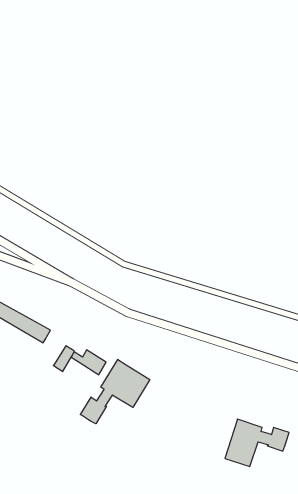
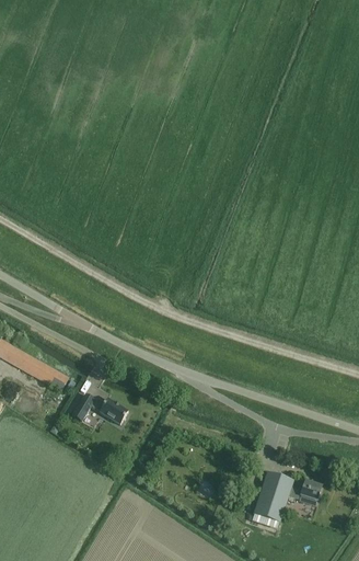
building: [80,359,150,424] -> none

